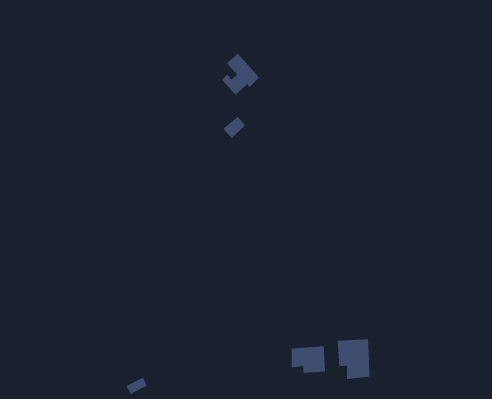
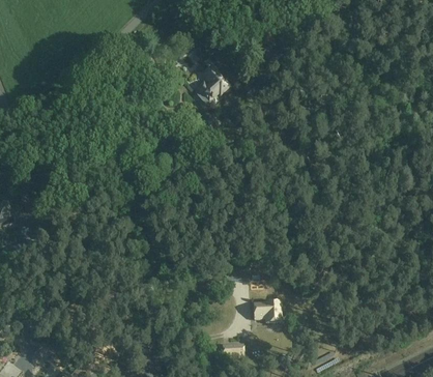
building: [337,338,370,380] -> none

